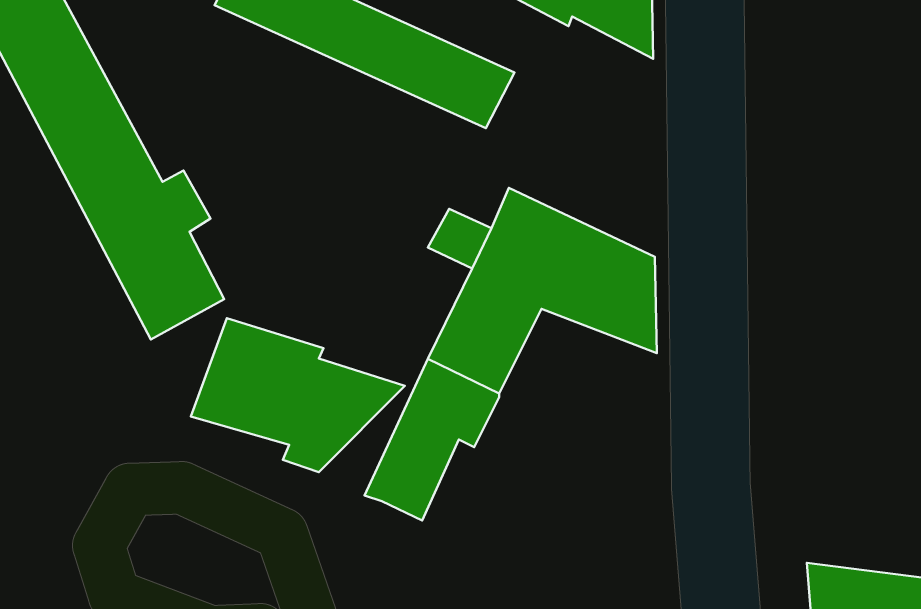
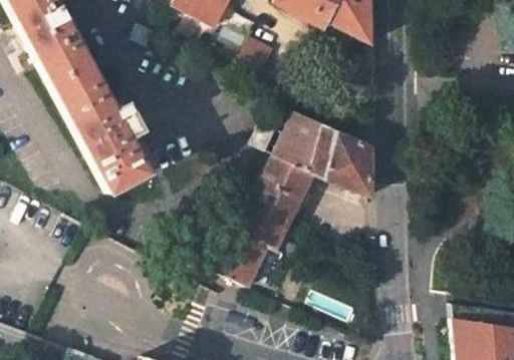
building: [191,318,405,472] -> none

